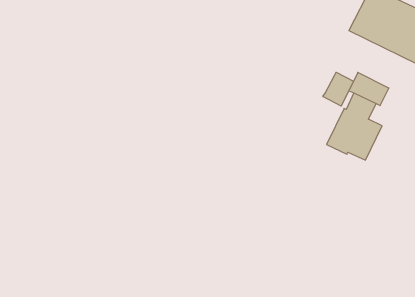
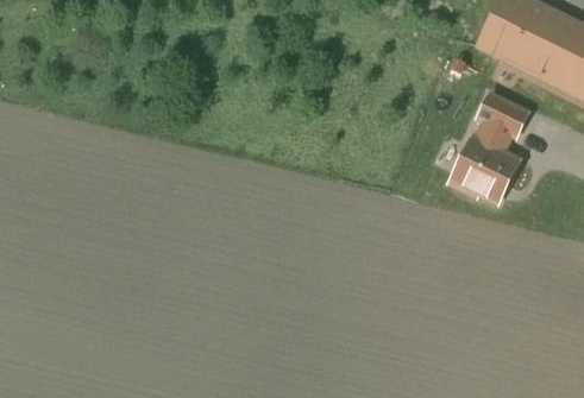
building: [323,72,354,106] -> none

